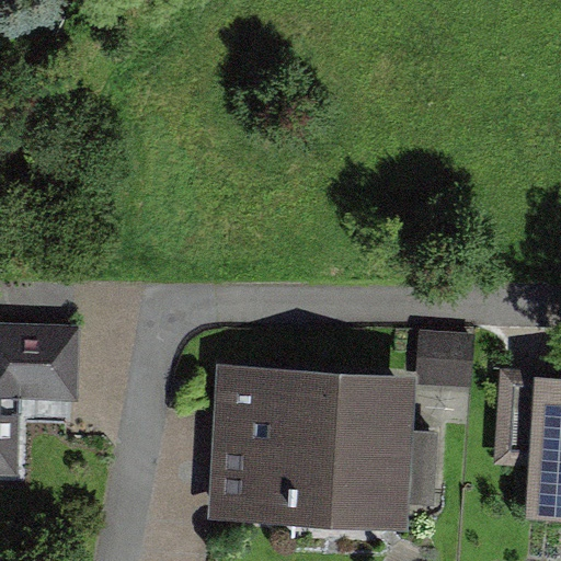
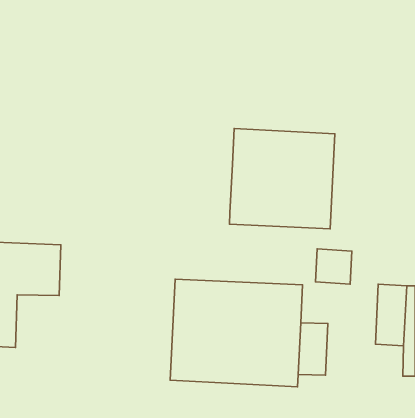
building: none -> [230,129,335,229]

